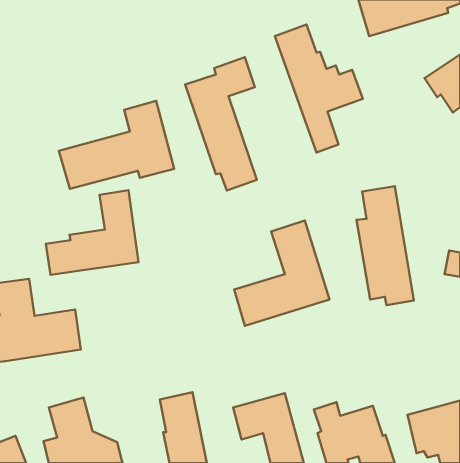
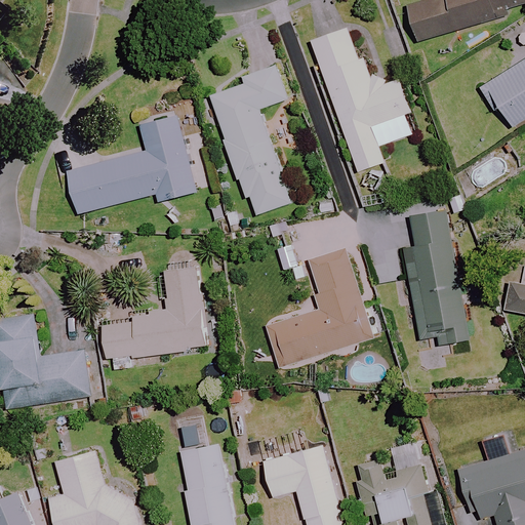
building: [46,190,138,275] -> [103,266,207,361]

